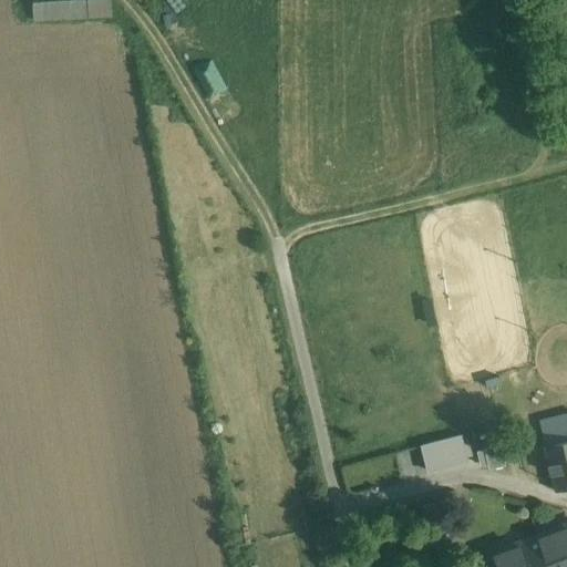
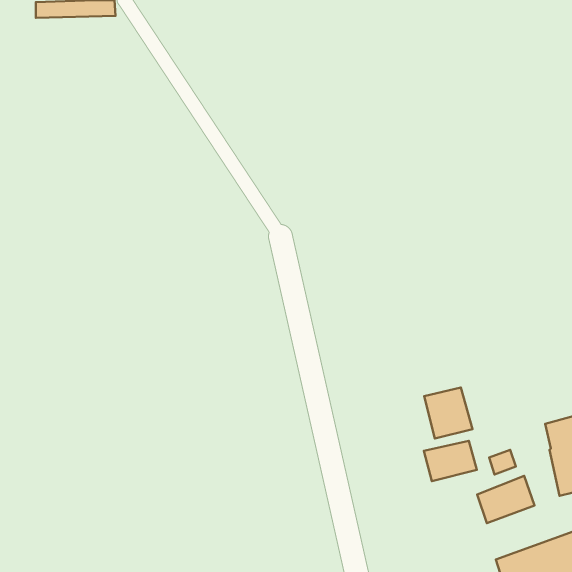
building: none -> [424,388,473,439]
building: none -> [477,476,535,523]

